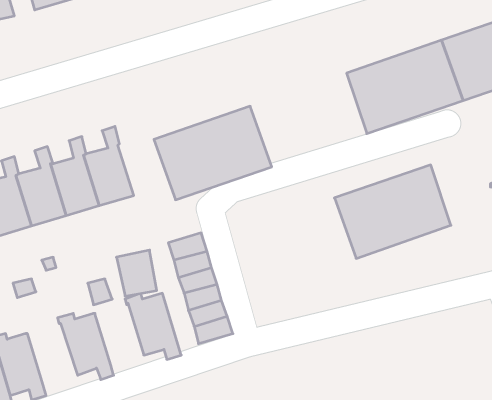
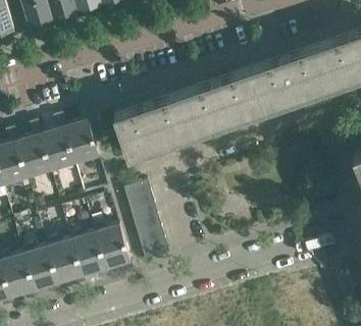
building: [334,165,451,258] -> [179,71,262,138]
building: none -> [67,234,107,281]
building: none -> [19,249,59,295]

